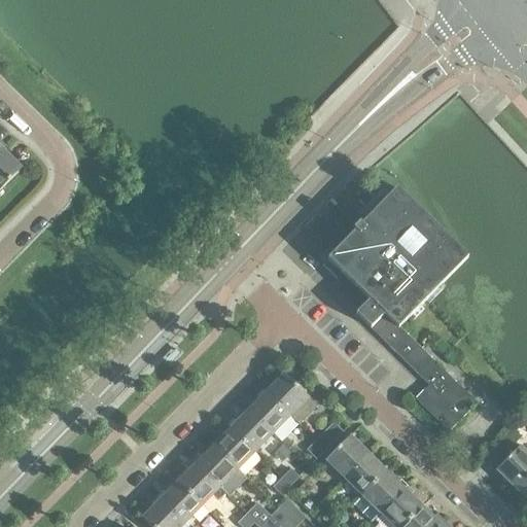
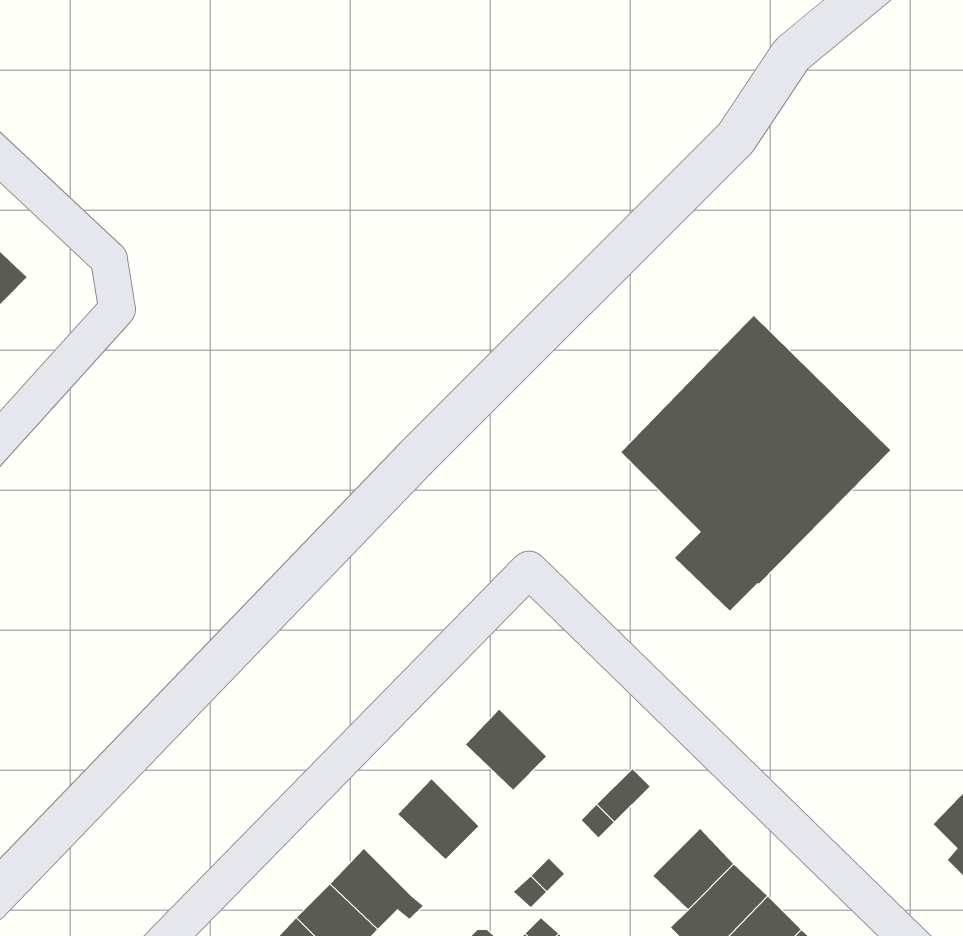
building: [384,325,477,430] -> none
building: [265,372,316,423] -> none
building: [230,409,272,451] -> none
building: [325,434,368,477] -> none
building: [195,445,246,495] -> none

